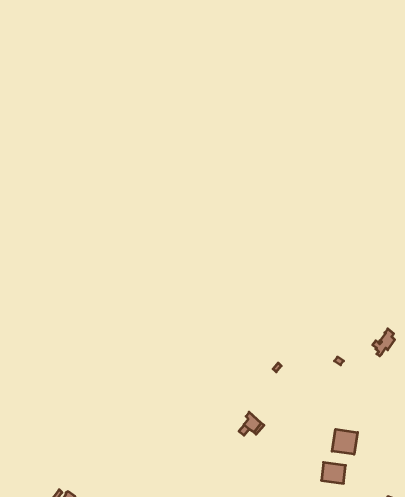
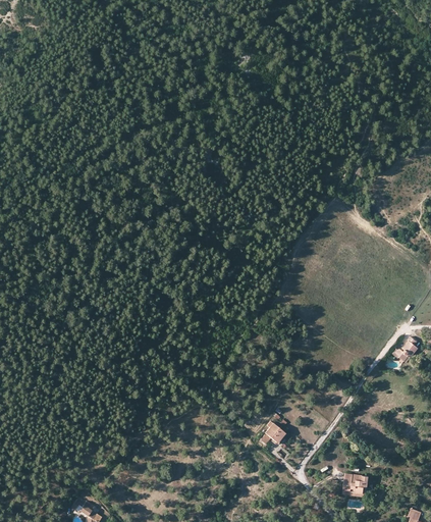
building: [332,429,358,454] -> none

